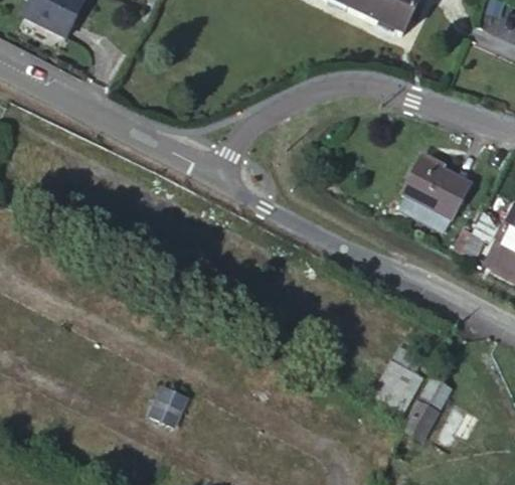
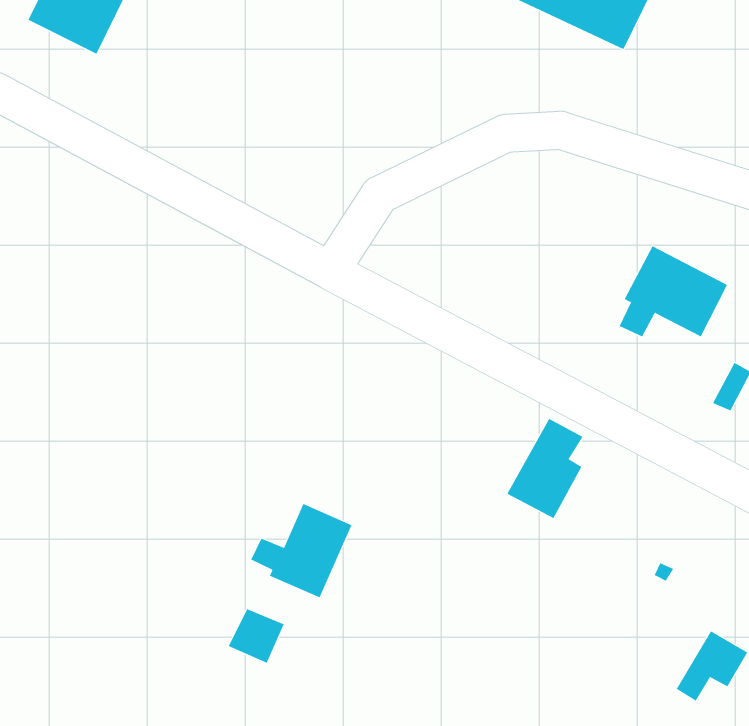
building: none -> [250,503,352,598]
building: [373,346,422,411] -> [506,418,584,519]
building: [404,375,451,438] -> none

